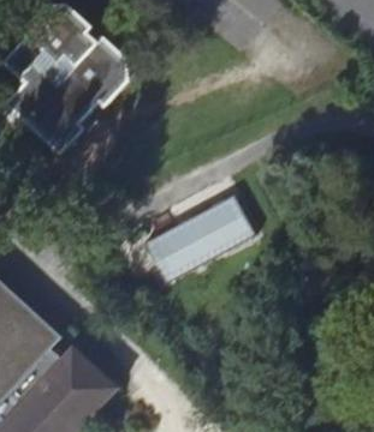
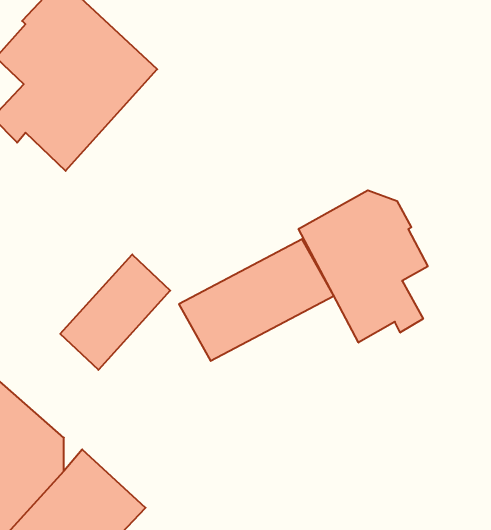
building: none -> [299,190,428,343]
building: none -> [60,254,170,370]

